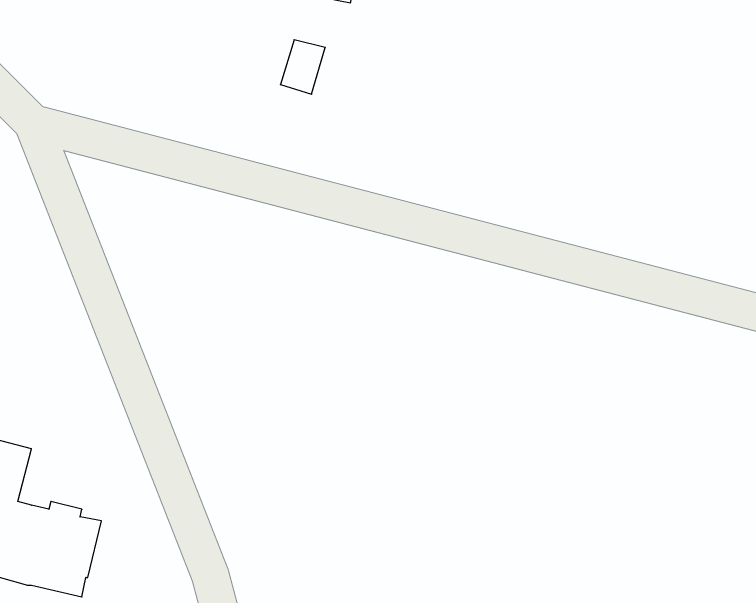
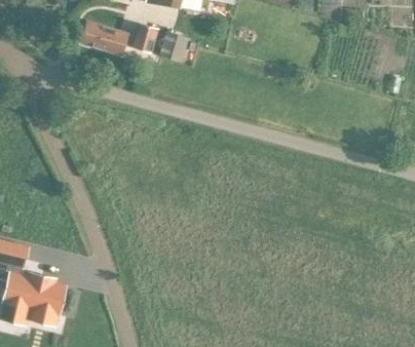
building: none -> [79,21,157,54]

